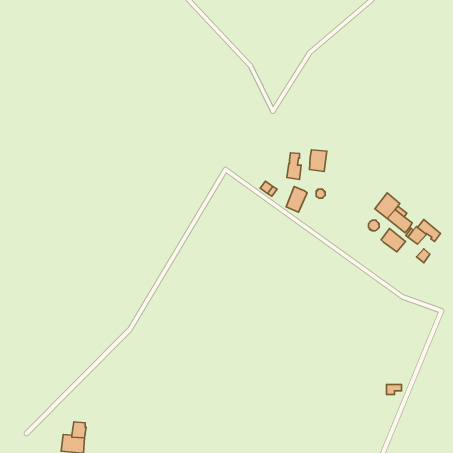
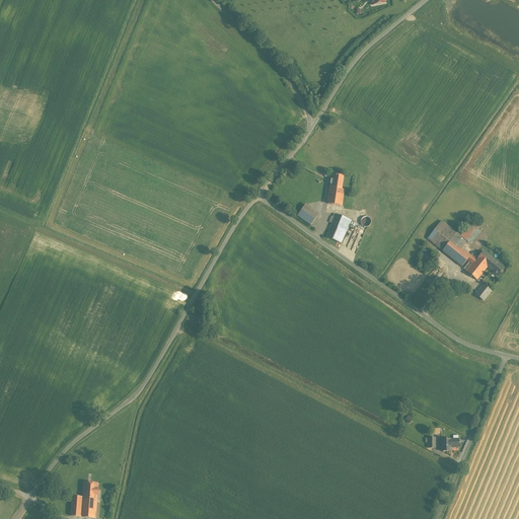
building: [309,150,327,172] -> none
building: [381,229,405,252] -> none

